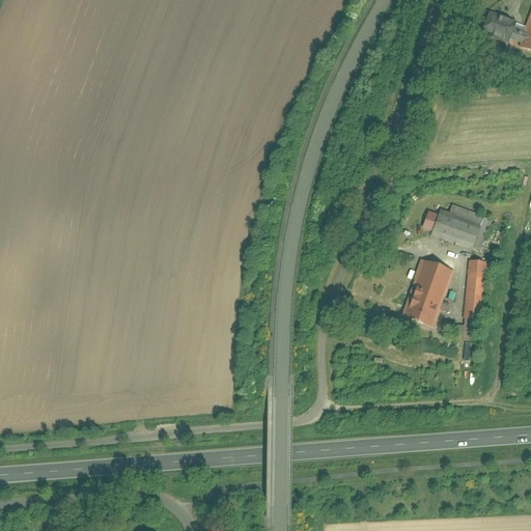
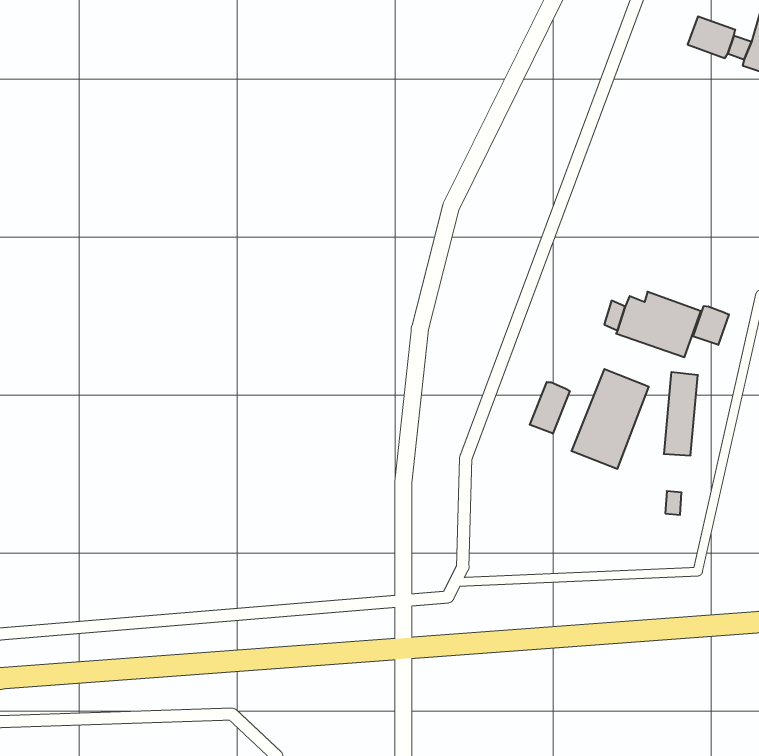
building: none -> [693,306,729,345]
building: none -> [530,382,570,434]

